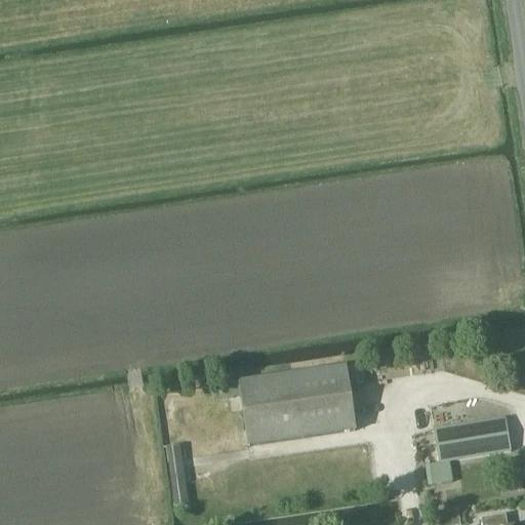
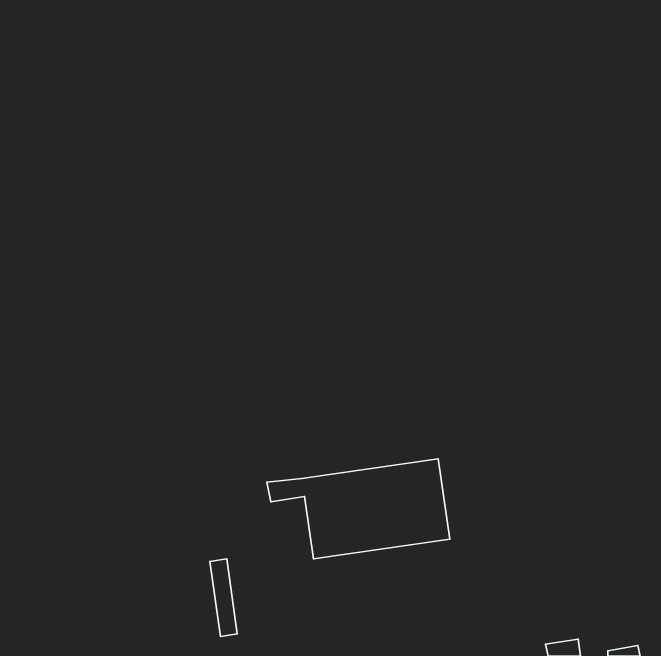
building: [428,415,512,482] -> none

